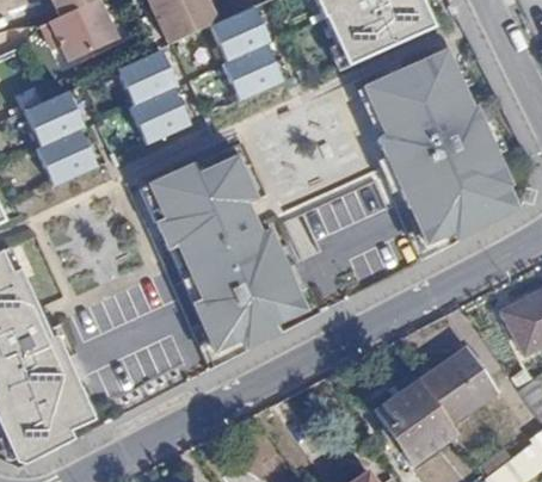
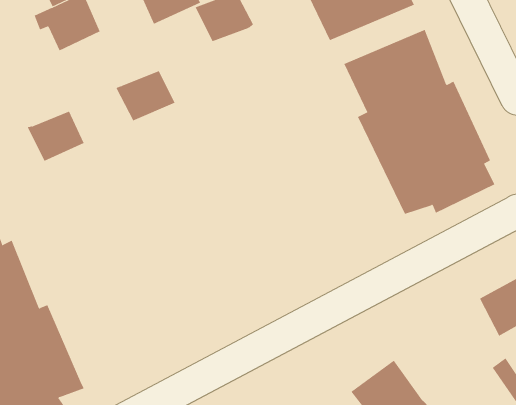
building: [221,42,281,94] -> none
building: [115,47,178,101] -> none
building: [23,89,84,143] -> none
building: [147,144,308,351] -> none
building: [415,352,492,427] -> none

